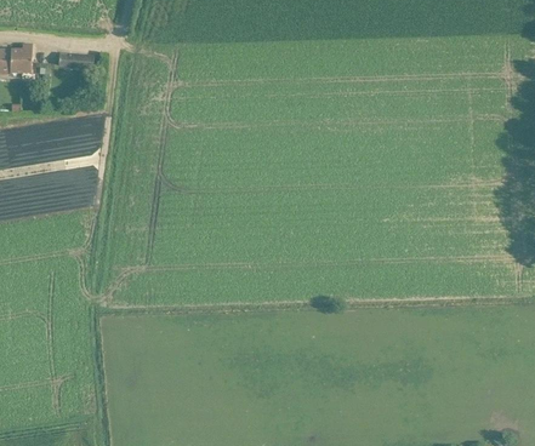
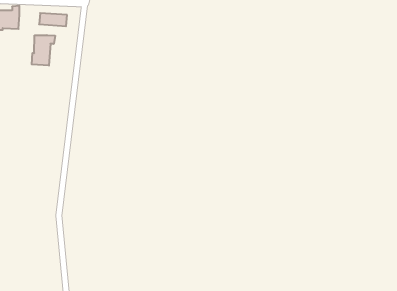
building: none -> [32,35,55,66]

